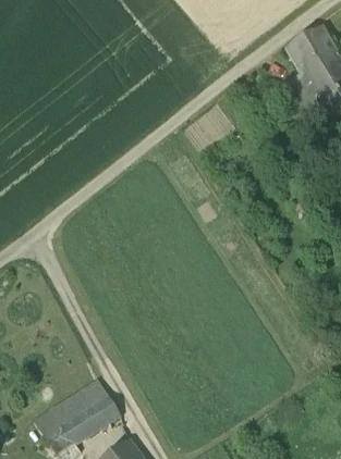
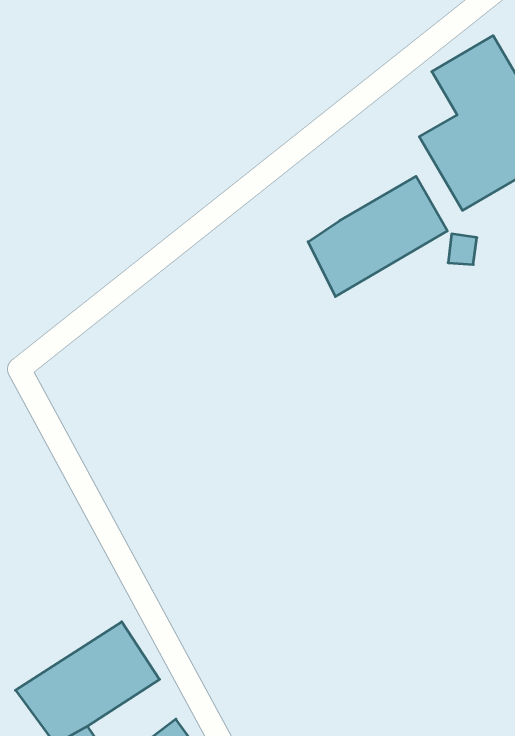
building: none -> [308,176,447,297]

